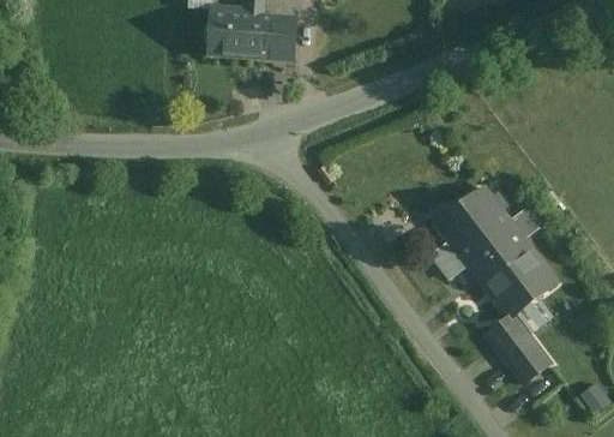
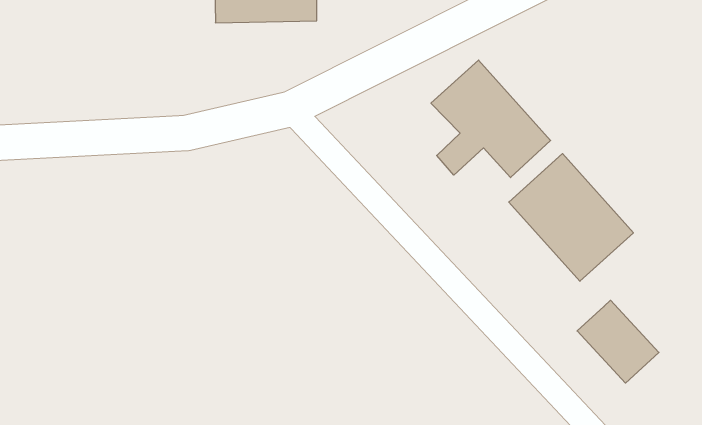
building: none -> [431,60,551,178]
building: [490,258,555,317] -> none

